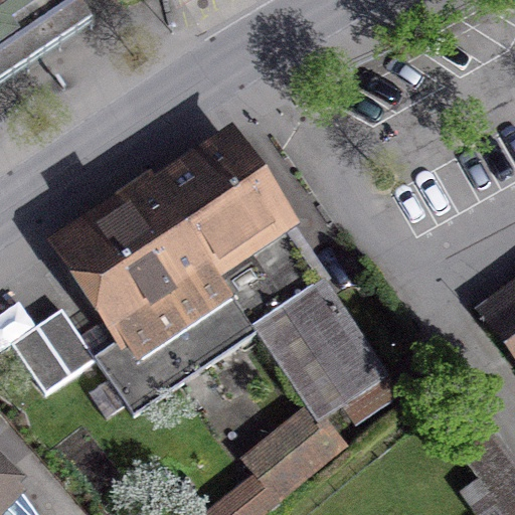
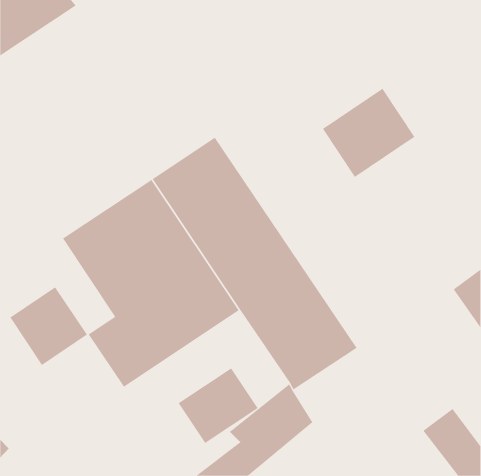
building: none -> [322,88,415,178]
building: none -> [178,367,258,444]

